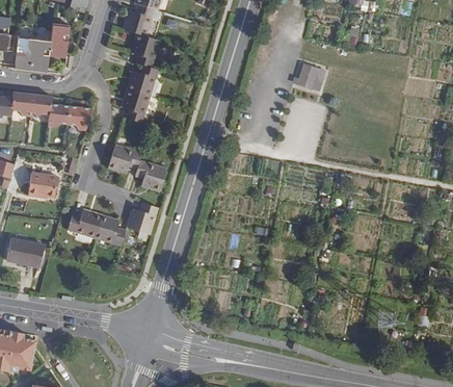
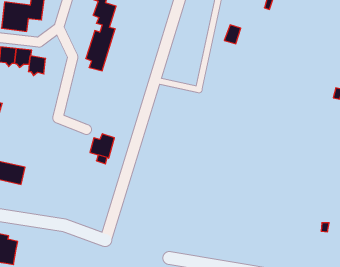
building: [69,106,92,131] -> none
building: [108,144,167,190] -> none
building: [29,173,58,198] -> none
building: [68,208,126,244] -> none

